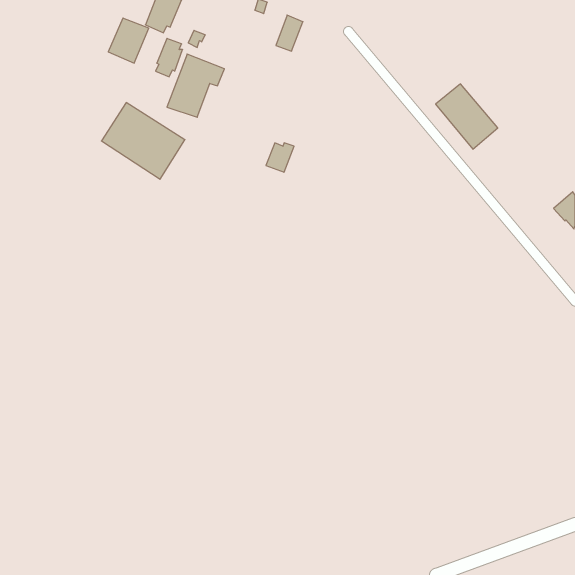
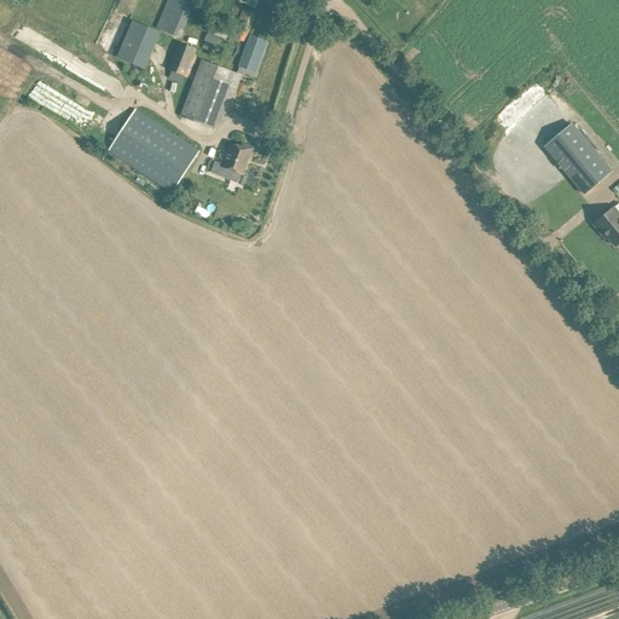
building: [276,15,303,51] -> [237,34,266,73]
building: [436,84,498,149] -> [544,123,611,193]
building: [266,143,294,172] -> [222,143,253,174]

